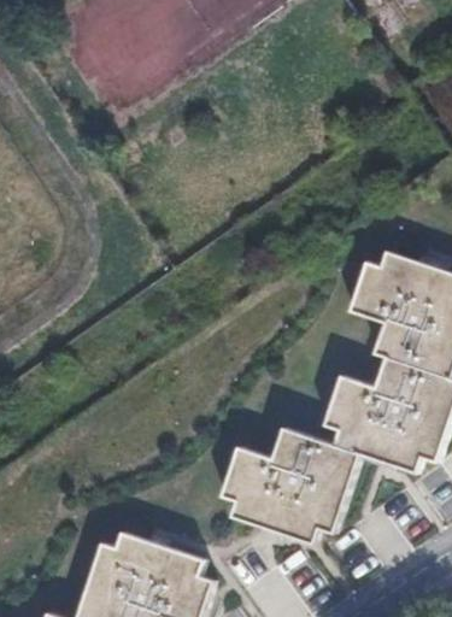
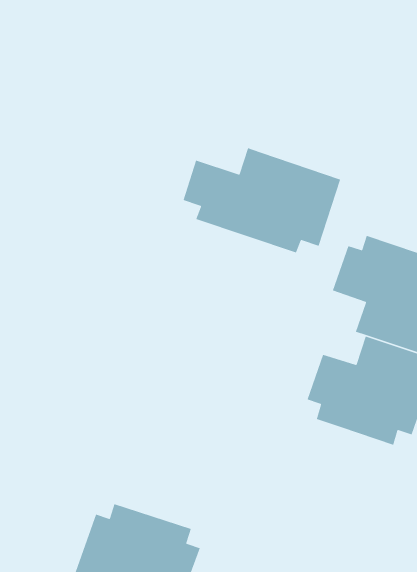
building: none -> [182,147,341,254]
building: [221,427,358,543] -> none

